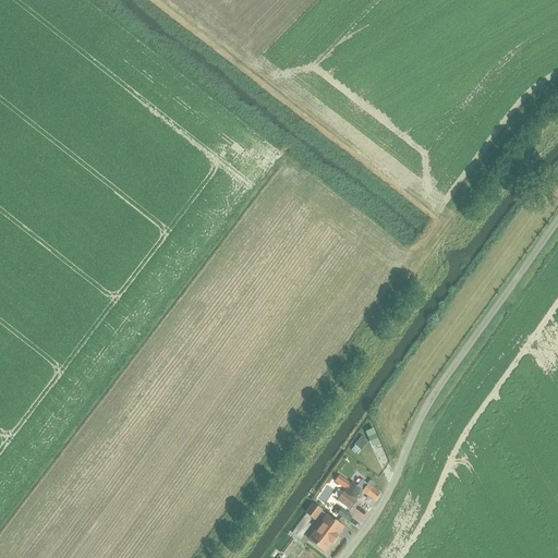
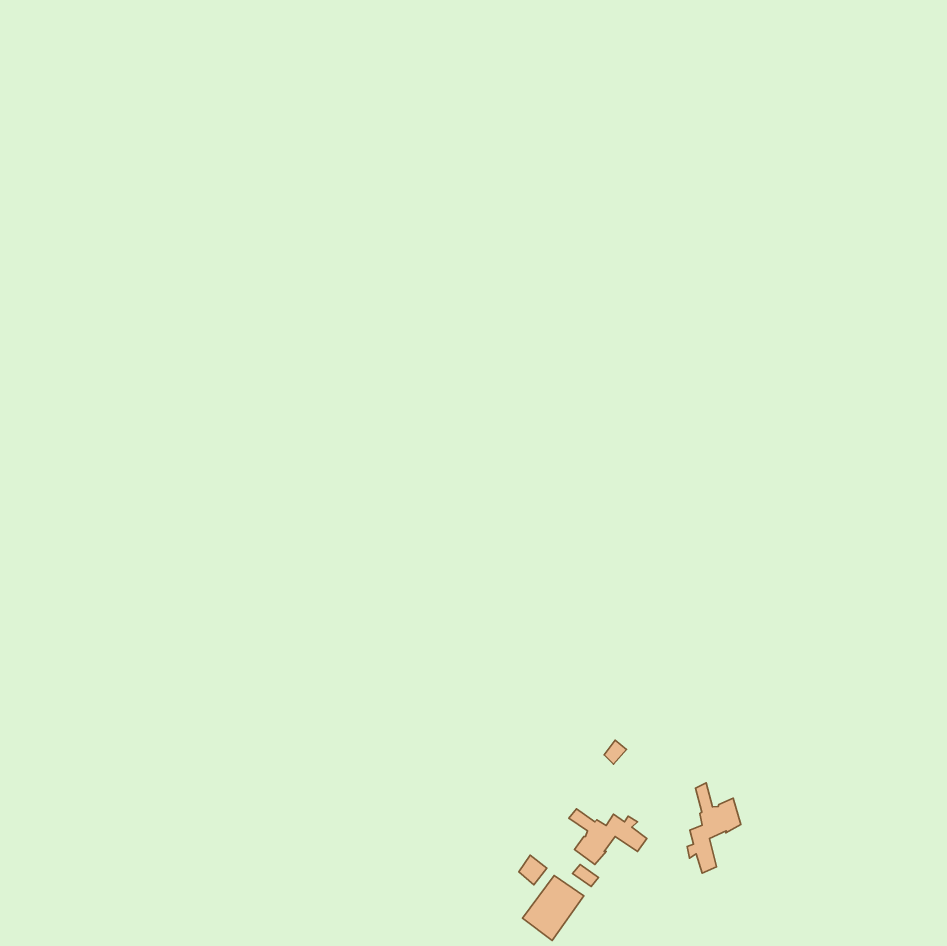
building: none -> [687,783,741,873]

